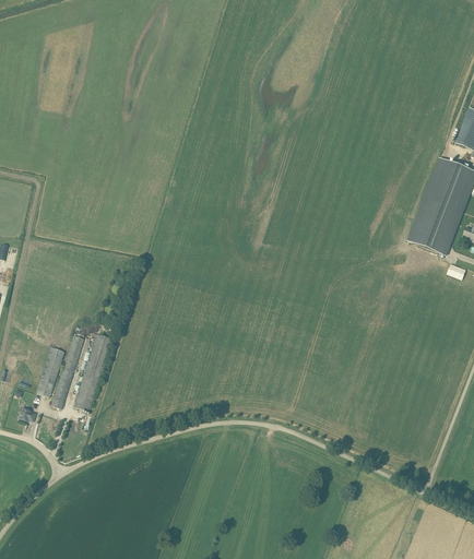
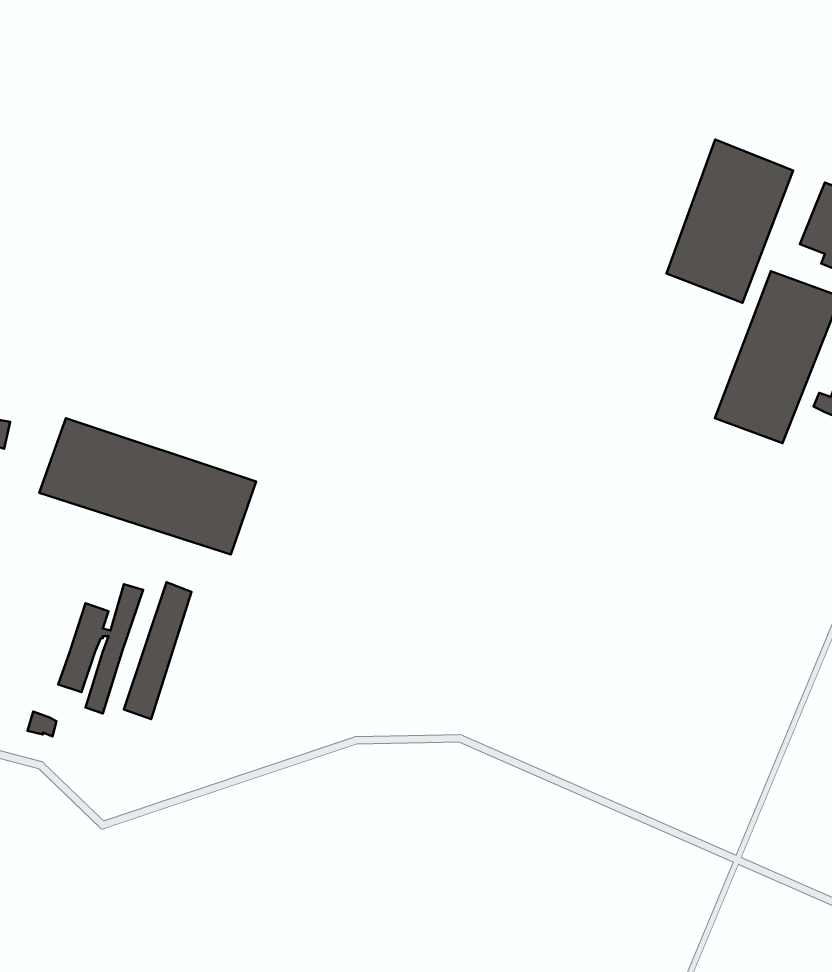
building: none -> [666,140,793,303]
building: none -> [39,418,256,554]

